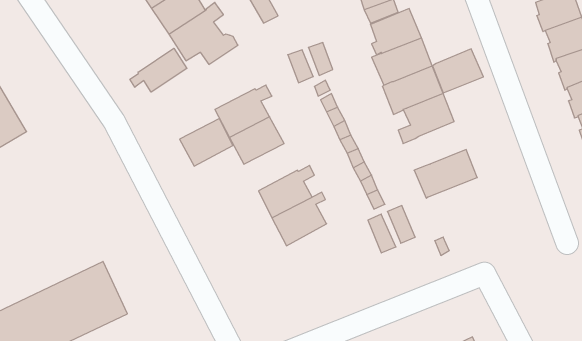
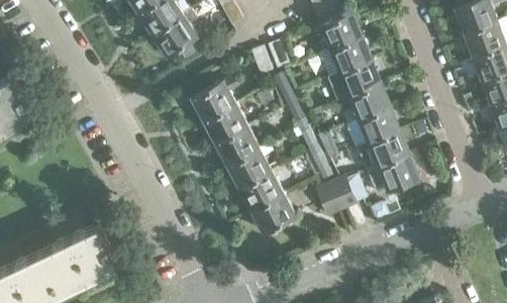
building: [130,48,187,92] -> none
building: [432,49,483,93] -> [358,108,400,144]
building: [180,119,233,166] -> [215,126,260,166]
building: none -> [368,155,419,195]
building: none -> [250,193,296,234]

